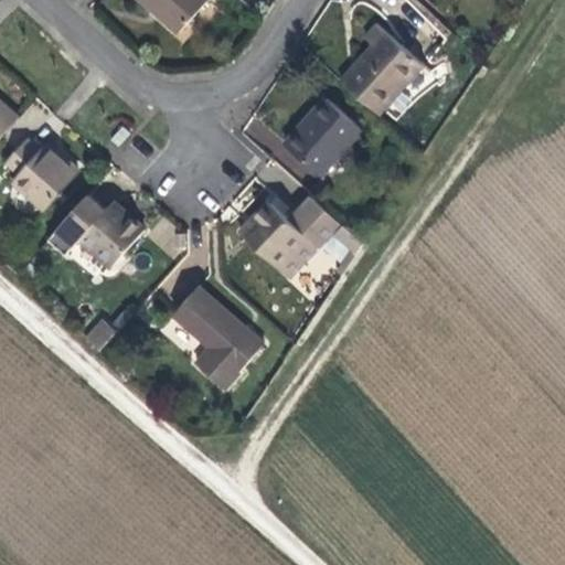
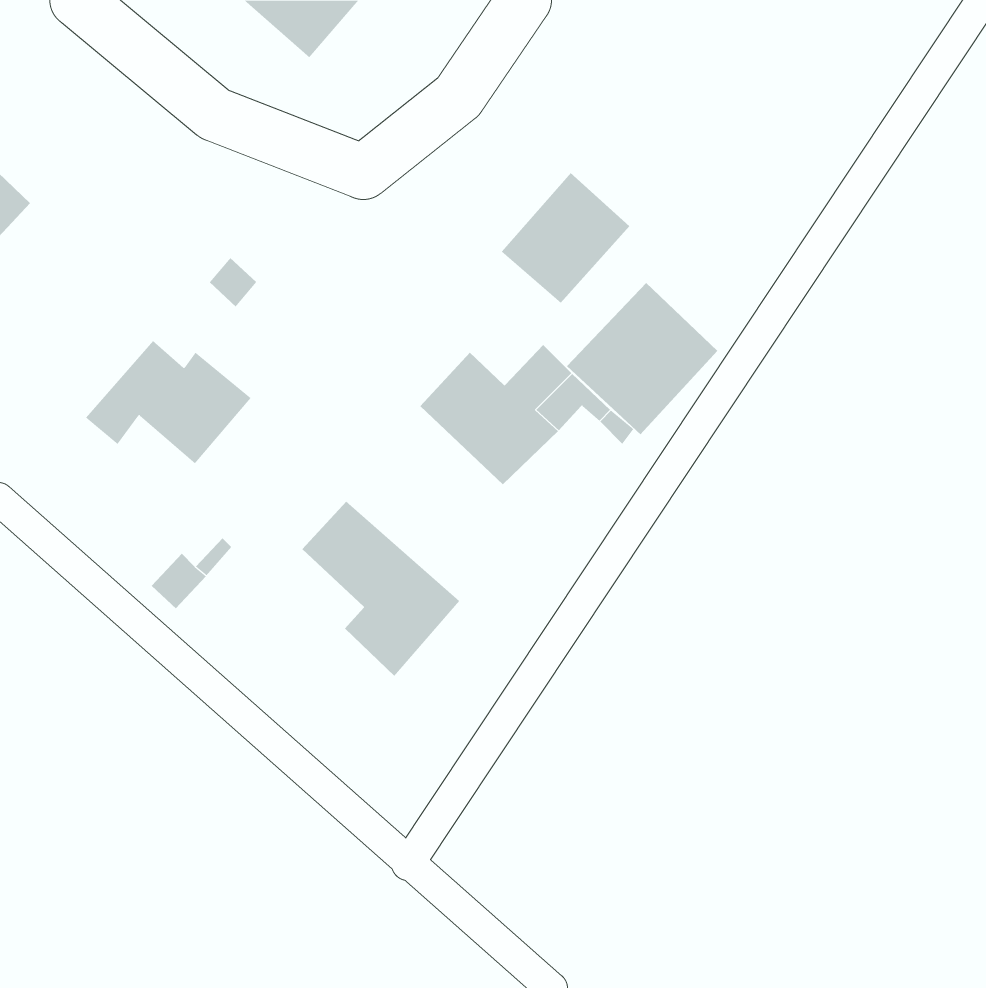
building: [341,24,422,113] -> none
building: [7,138,78,211] -> none
building: none -> [566,282,718,435]

